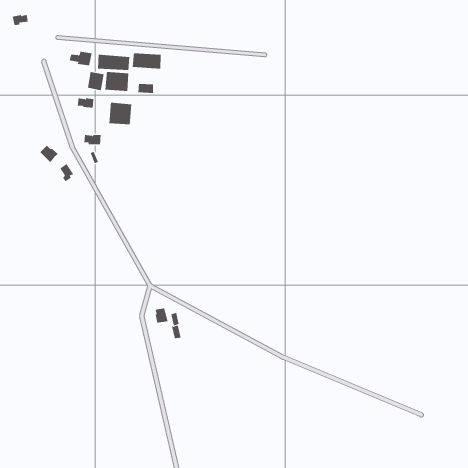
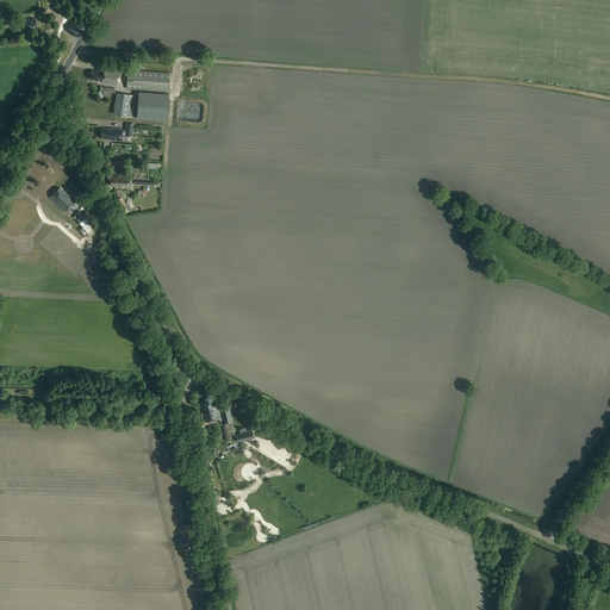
building: [132,52,161,69] -> none
building: [109,102,132,125] -> none

